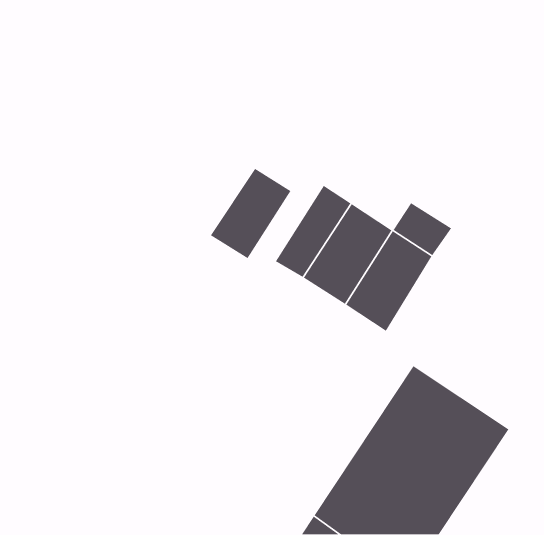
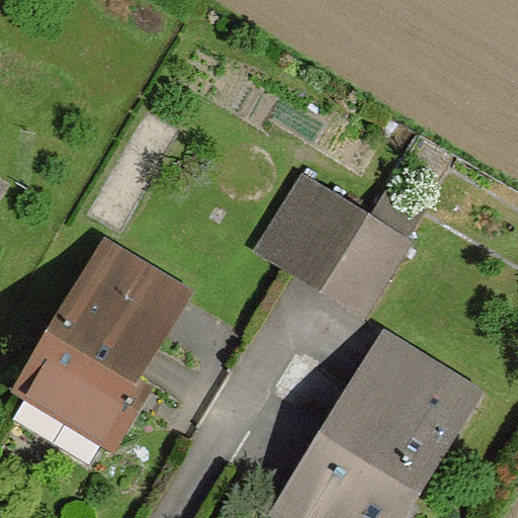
building: [210,168,292,259] -> none
building: none -> [13,245,178,462]

